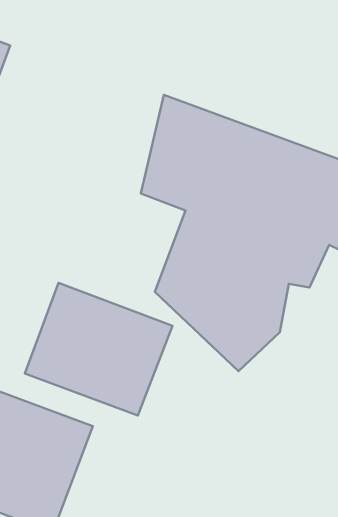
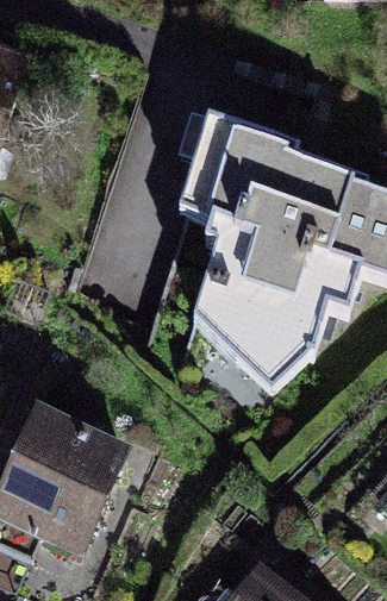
building: [25,283,173,416] -> none

